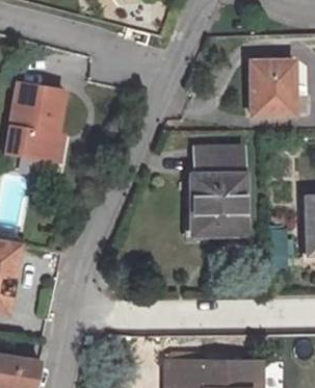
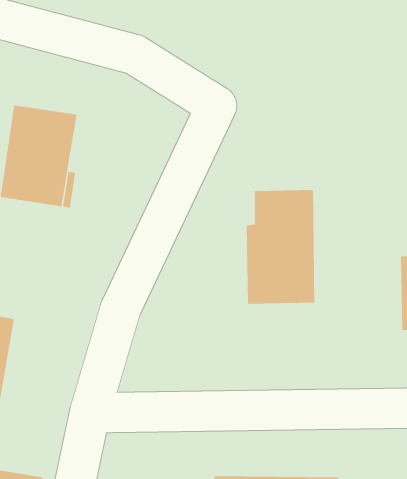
building: [251,61,293,115] -> none

